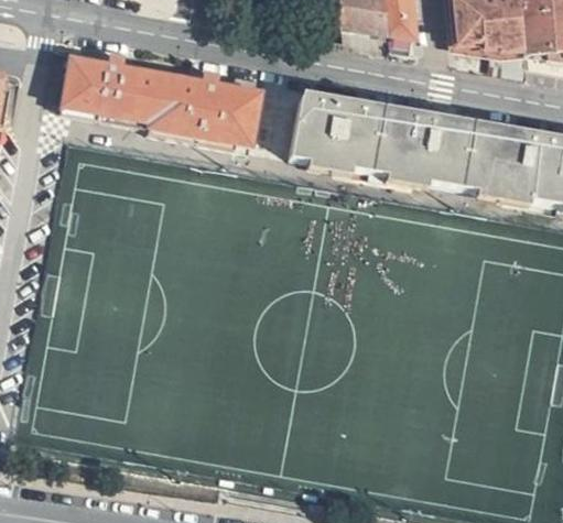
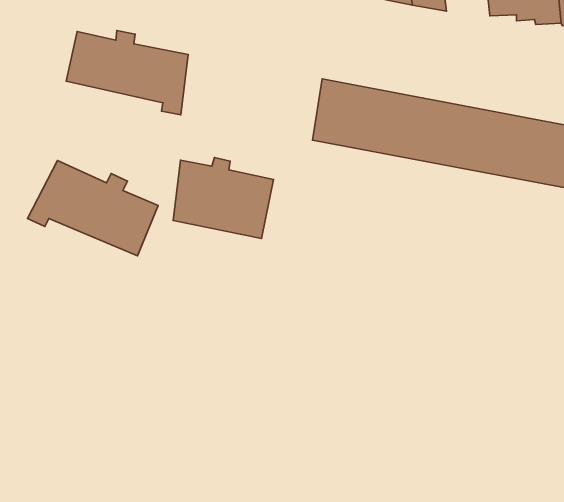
building: [172,74,263,148] -> [173,158,273,239]
building: none -> [28,161,158,256]

